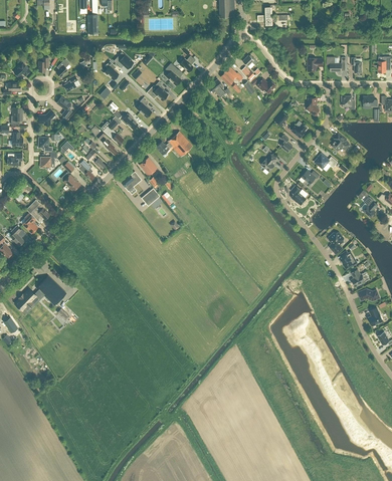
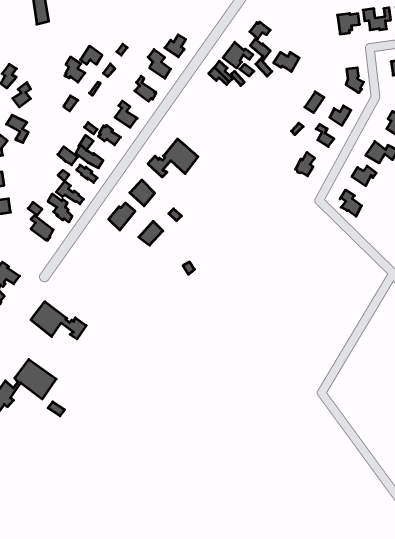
building: none -> [31,302,86,339]

